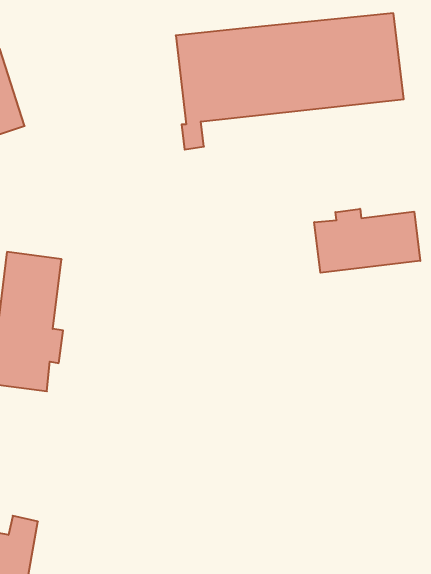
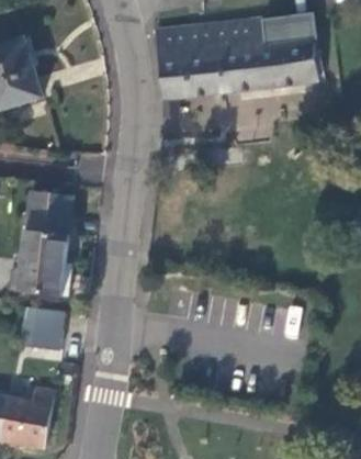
building: [314,209,420,273] -> none
building: none -> [32,307,63,349]

